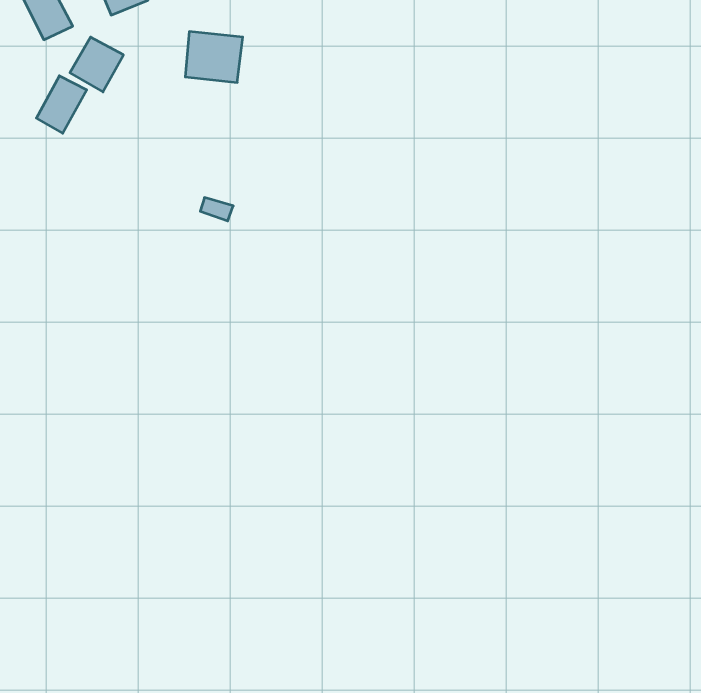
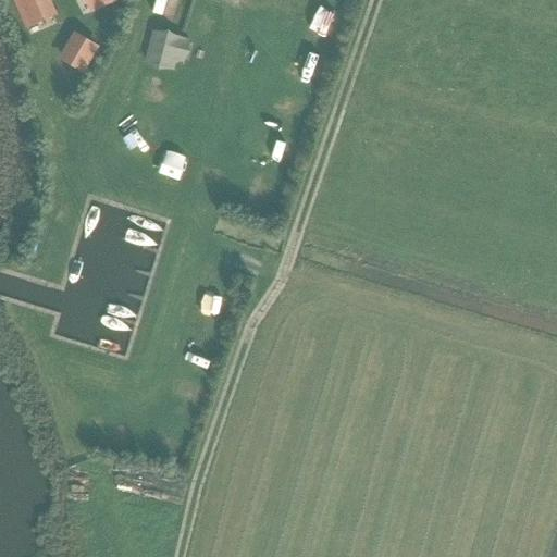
building: [36,76,87,133] -> none

